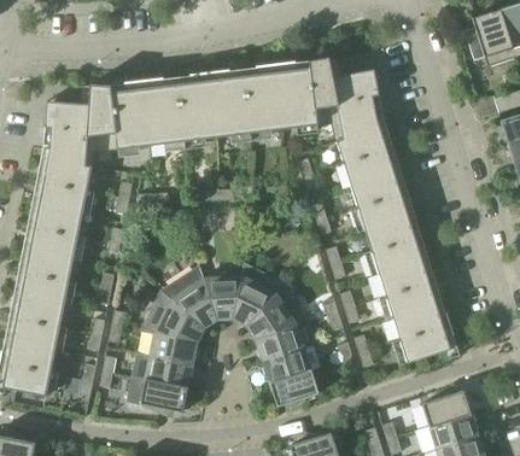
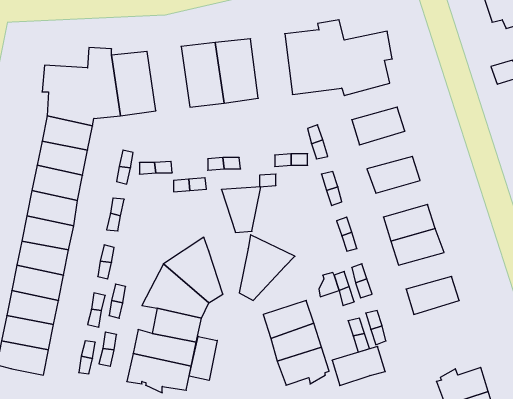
building: [244,70,284,131] -> none
building: [145,82,186,144] -> none
building: [333,117,384,152] -> none
building: [347,163,398,199] -> none
building: [363,210,413,245] -> none
building: [204,275,241,318] -> [221,187,261,232]
building: [385,279,436,314] -> none
building: [246,292,297,338] -> none
building: [399,325,450,362] -> [332,346,385,386]
building: none -> [189,336,217,380]

